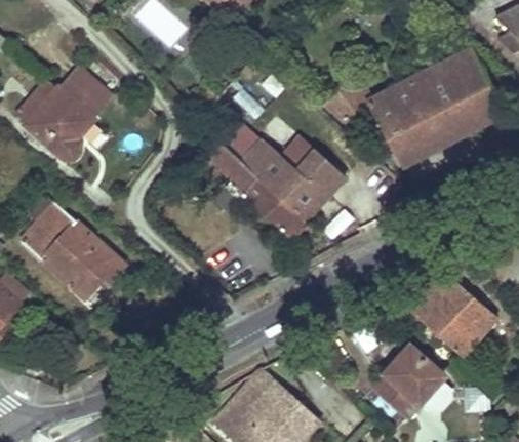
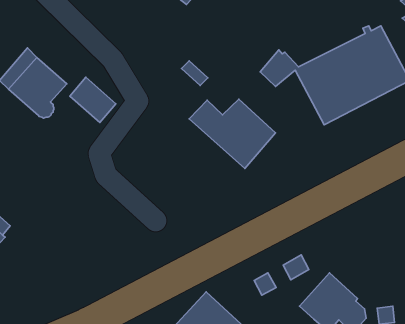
building: [58,64,114,118] -> [70,77,116,123]
building: [208,143,308,240] -> none
building: [22,203,125,296] -> none
building: [397,271,495,354] -> none

